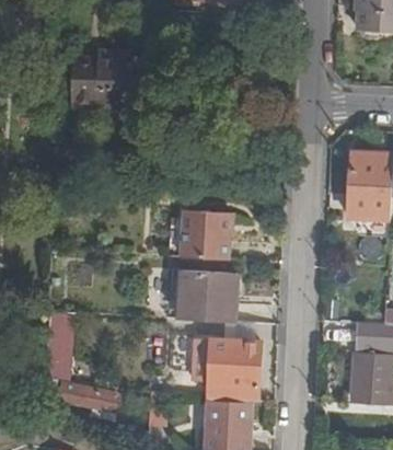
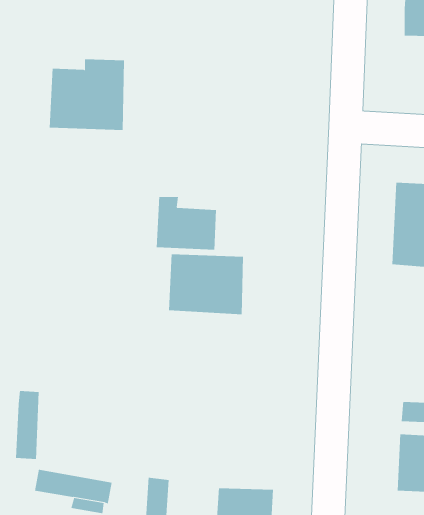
building: none -> [156,196,216,251]
building: [177,269,234,322] -> none
building: [193,334,258,400] -> none

